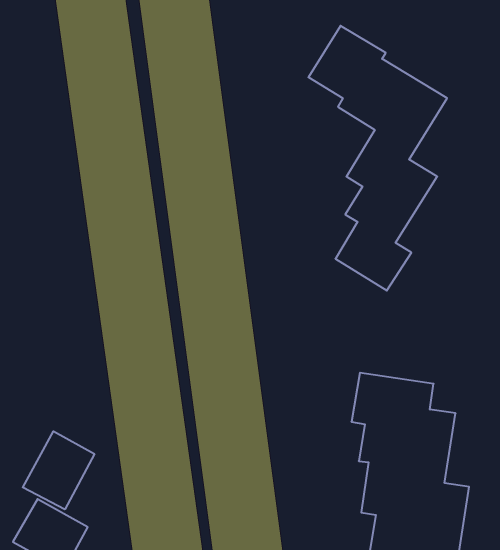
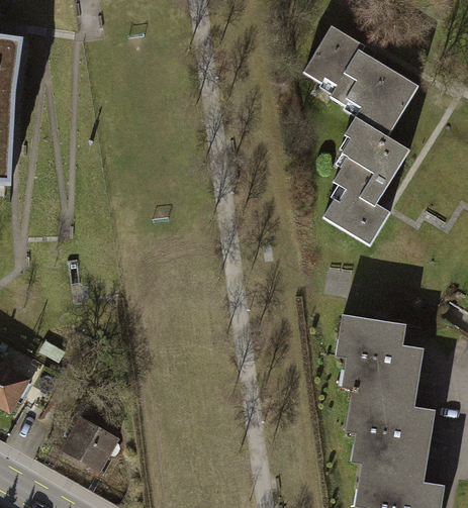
building: [23,431,94,509] -> none

